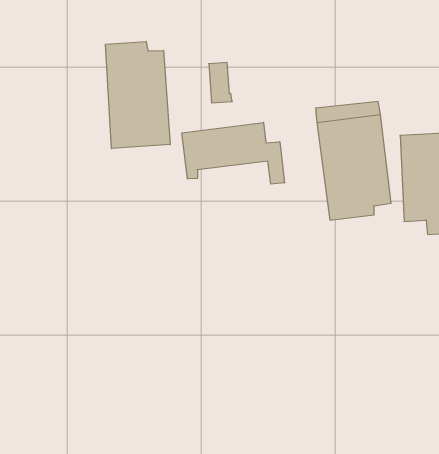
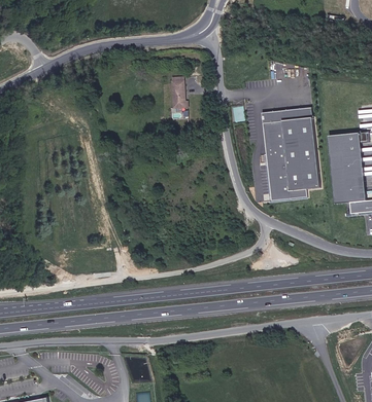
building: [106,41,170,149] -> none
building: [182,122,284,184] -> none

